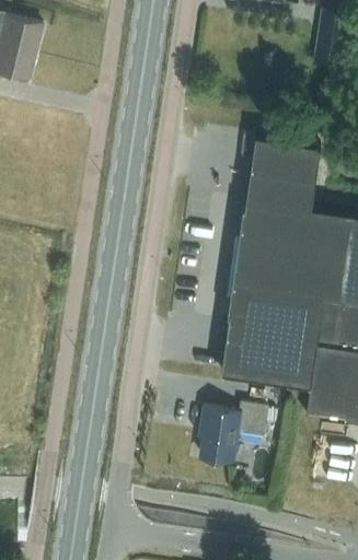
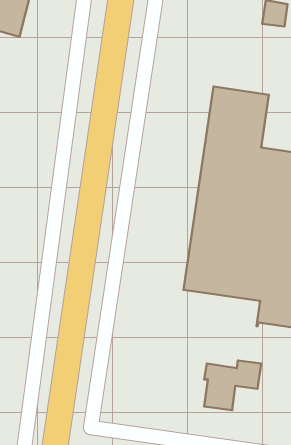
building: [200,406,267,464] -> [204,361,261,410]

